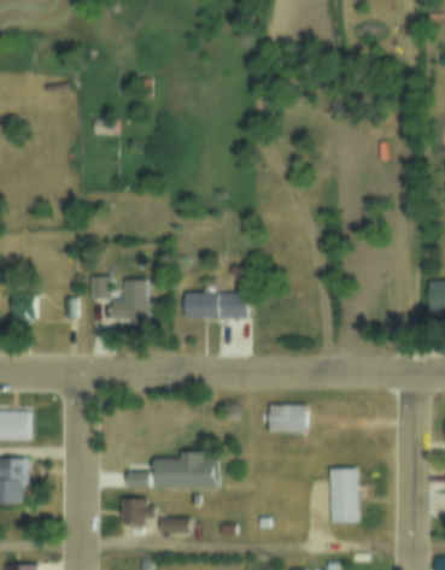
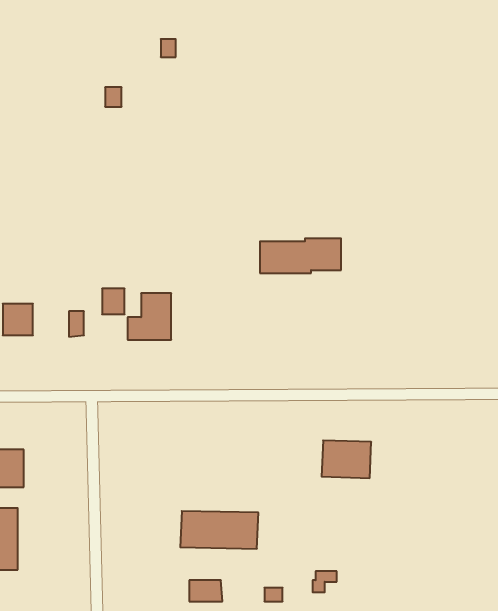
building: [183,293,248,321] -> [260,238,341,273]
building: [330,469,356,523] -> none
building: [123,496,154,524] -> none

